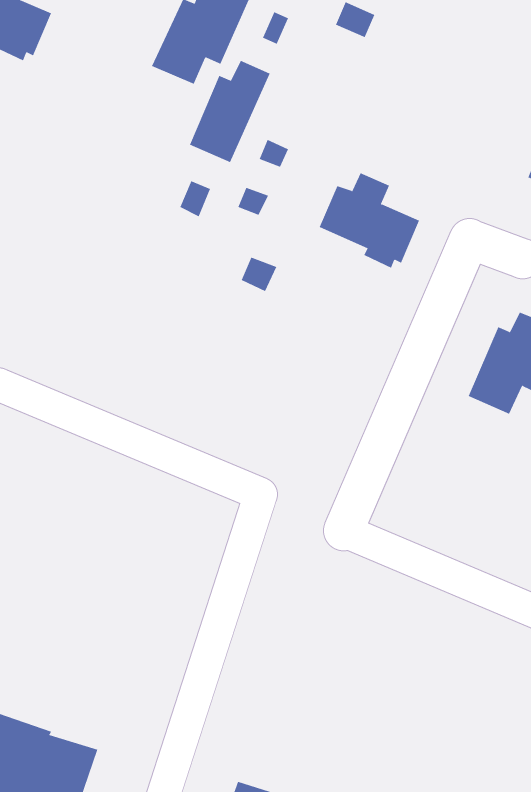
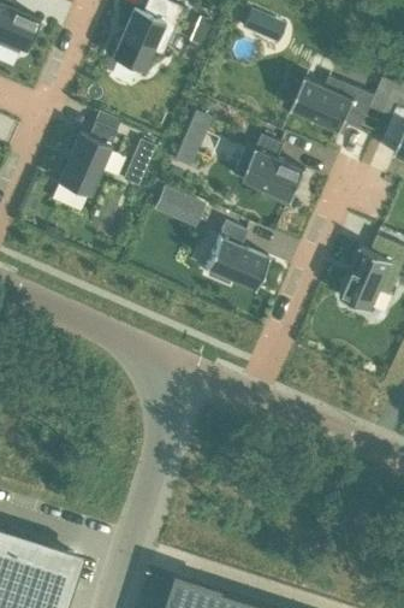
building: [189,60,270,163] -> [58,122,117,196]
building: none -> [289,76,375,132]
building: none -> [203,222,268,291]

